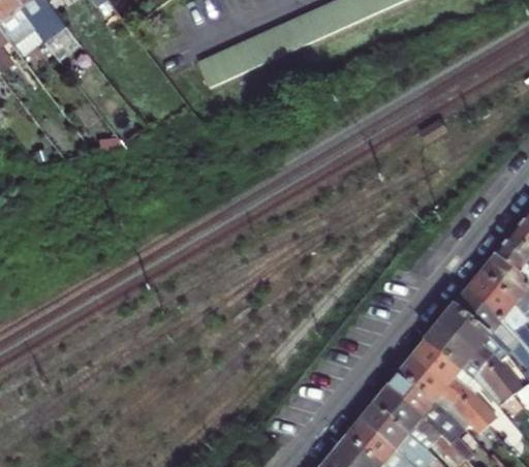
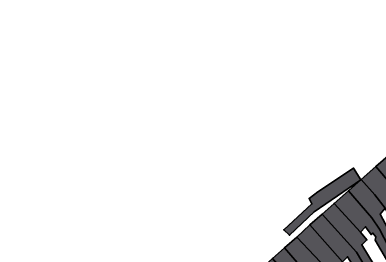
building: none -> [284,168,361,235]

